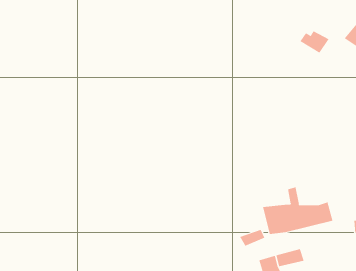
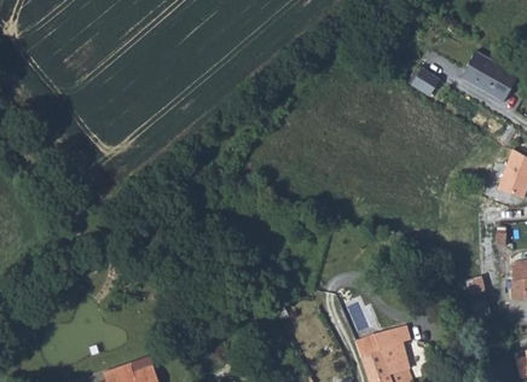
building: [262,187,333,235] -> none

